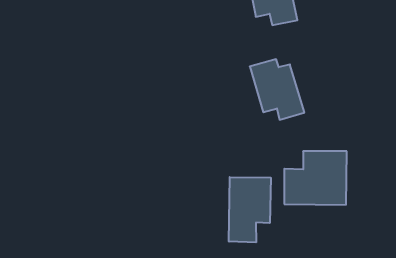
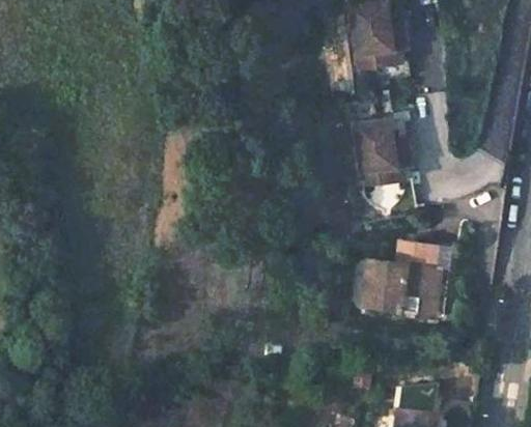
building: [229,177,271,242] -> none

